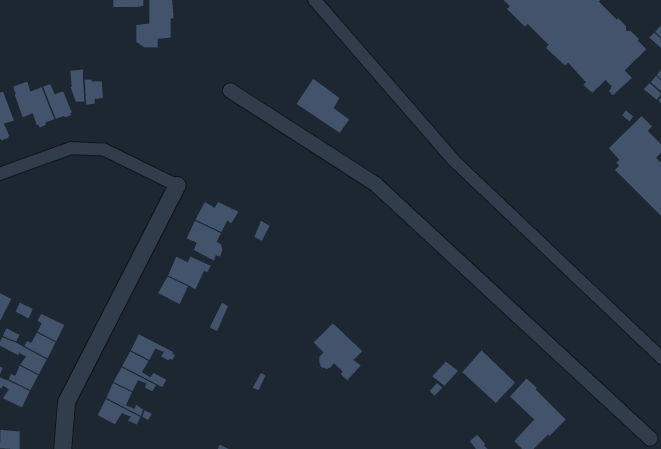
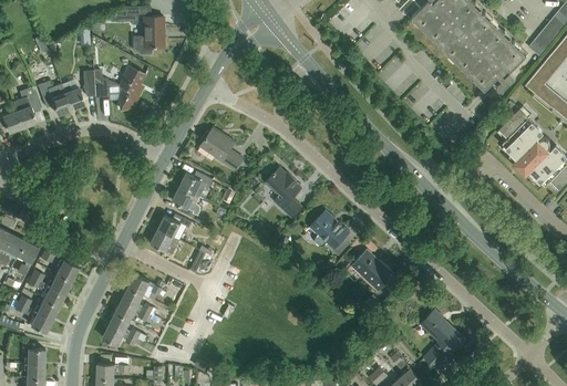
building: none -> [118,66,144,108]
building: [296,78,350,134] -> [200,127,243,170]
building: none -> [265,168,301,218]
building: [313,322,363,381] -> [310,211,349,257]
building: [461,349,516,404] -> [351,249,393,291]

